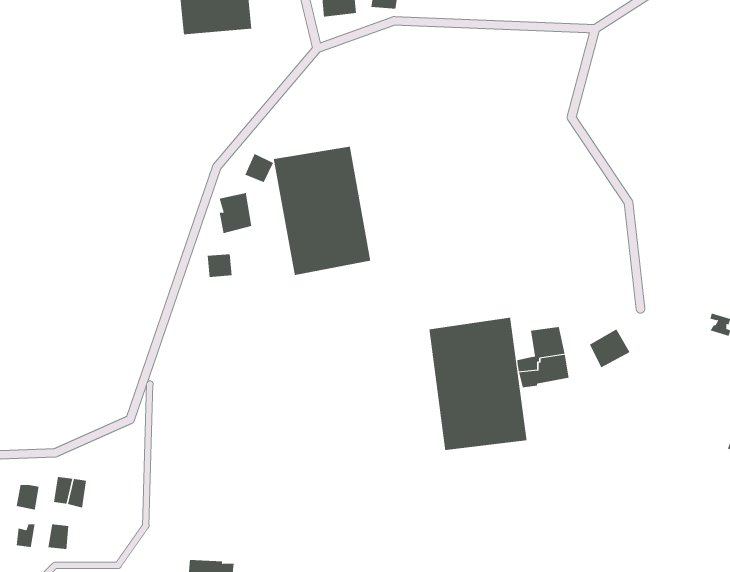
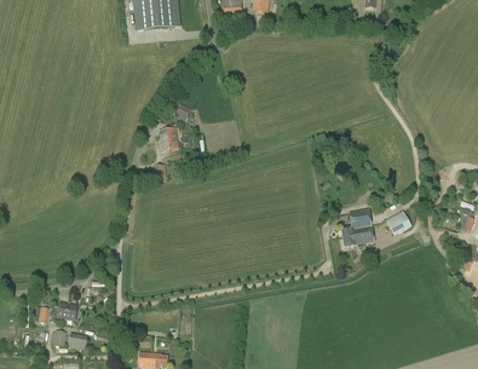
building: [273,146,371,276] -> none
building: [429,317,527,451] -> none

